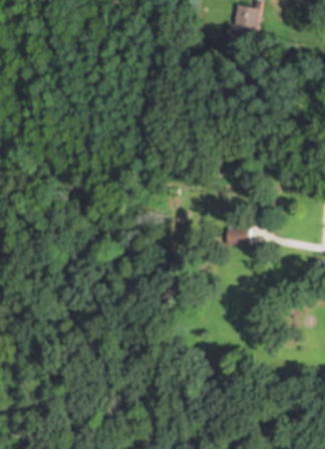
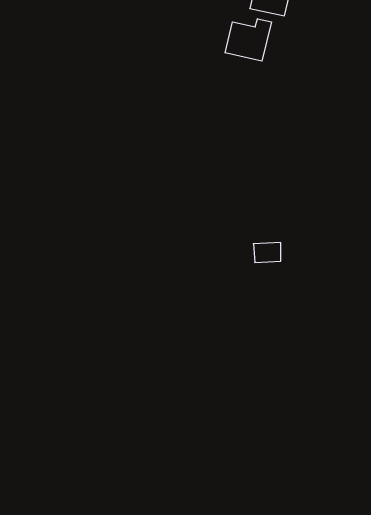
building: none -> [225,19,271,61]

